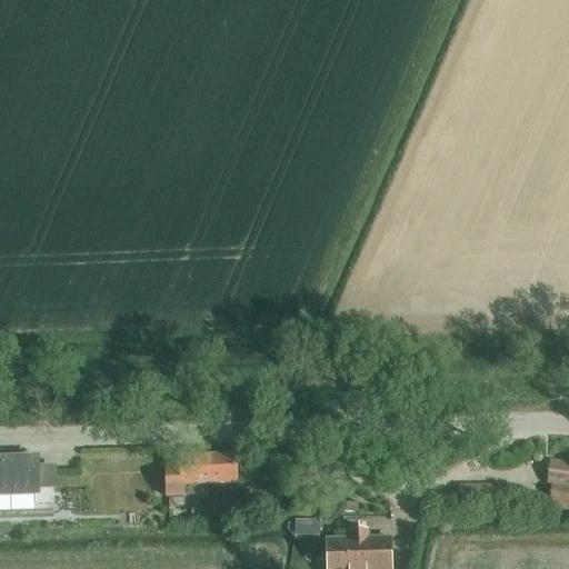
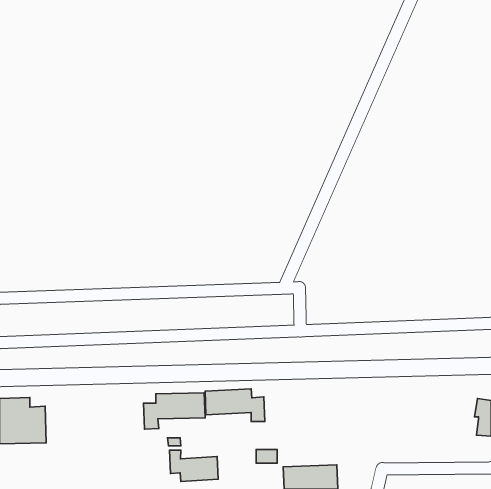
building: none -> [205,389,265,422]
building: none -> [170,450,218,481]

